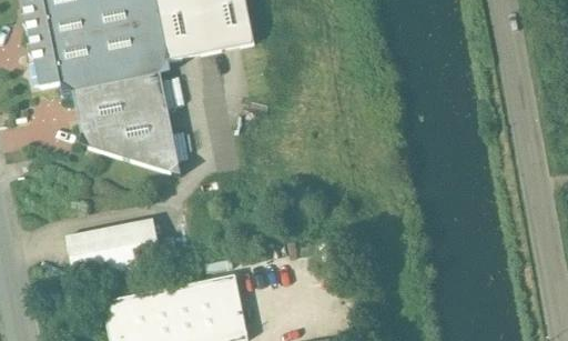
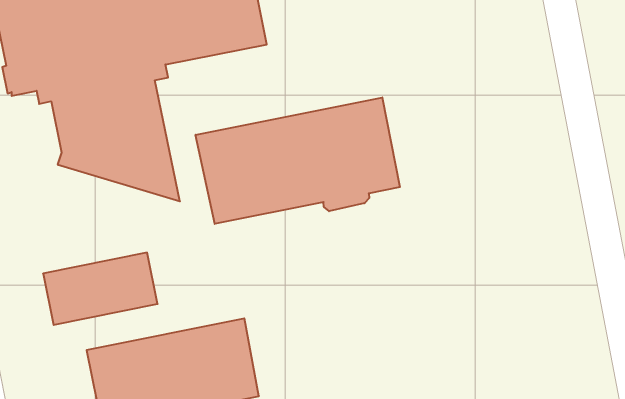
building: none -> [196,97,400,224]

